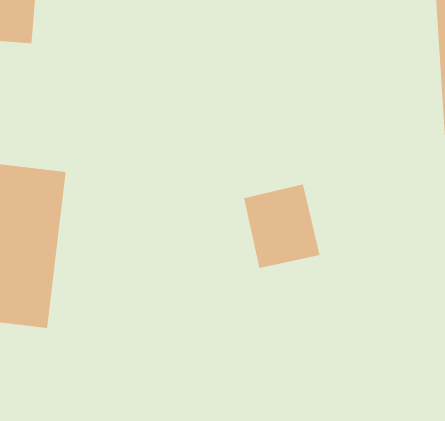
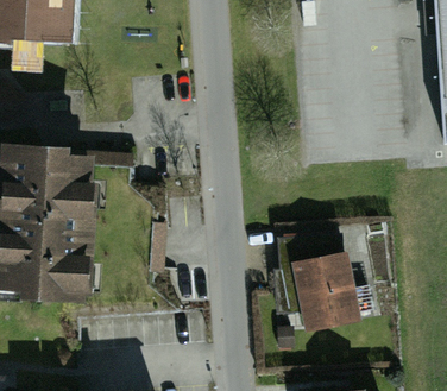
building: [243,183,321,269] -> [291,252,361,329]

